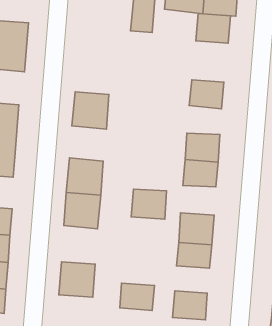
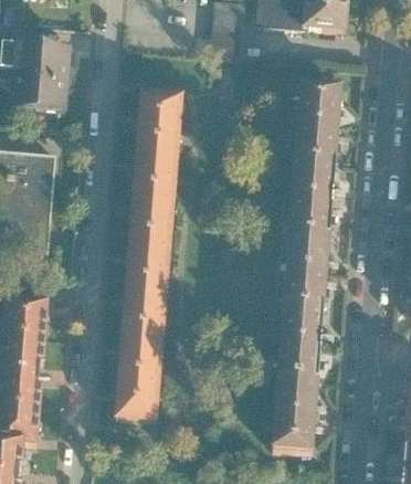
building: [196,14,230,43] -> [294,86,341,127]
building: none -> [134,93,183,144]
building: none -> [287,159,335,199]
building: none -> [126,187,177,235]
building: [131,189,167,219] -> [278,269,327,309]
building: none -> [115,324,165,377]
building: [120,283,155,310] -> [271,379,318,417]

